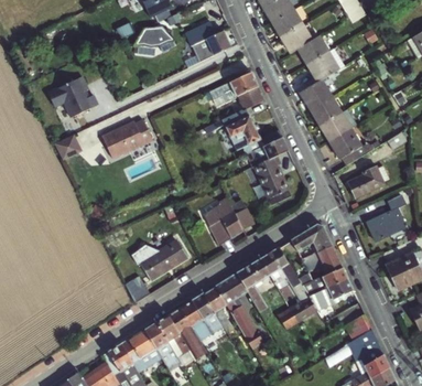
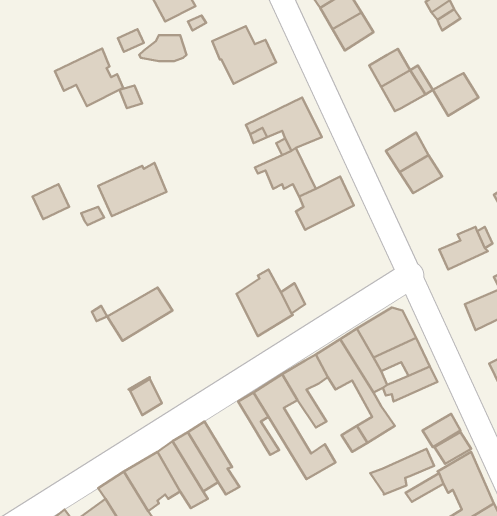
building: [281,24,312,53] -> none
building: [48,76,98,118] -> [55,48,123,106]
building: [300,79,333,110] -> [433,73,479,116]
building: [331,129,376,164] -> none
building: [255,156,288,197] -> none
building: [140,240,187,279] -> [107,288,173,341]
building: [307,278,354,311] -> [370,449,434,495]
building: [180,292,227,340] -> none

